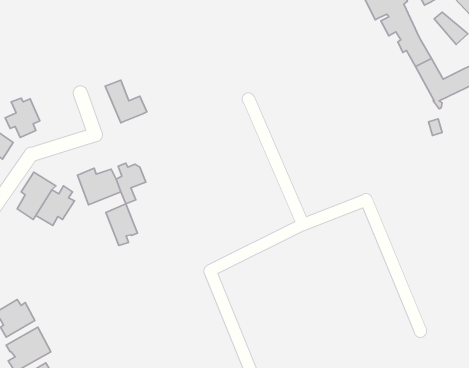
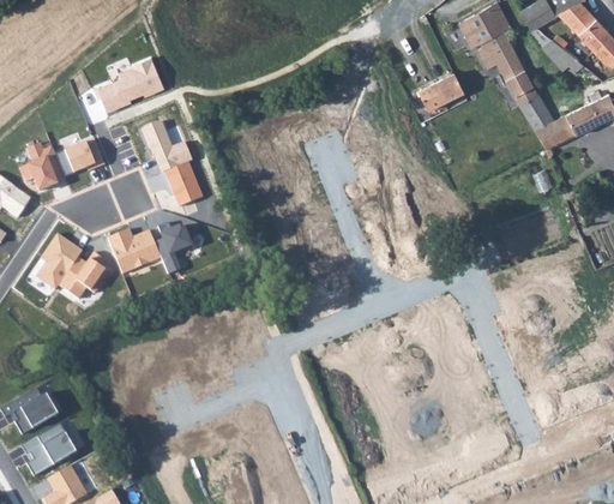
building: none -> [97,56,163,112]
building: none -> [417,73,463,110]
building: none -> [55,136,104,178]
building: none -> [164,163,204,208]
building: [106,204,137,245] -> none

